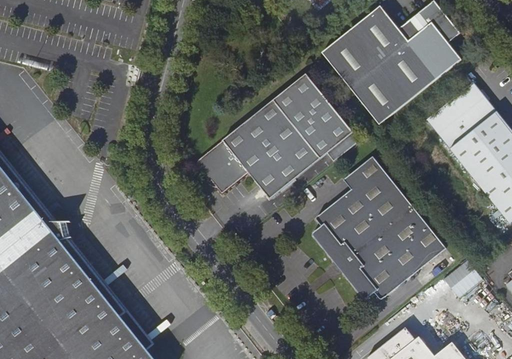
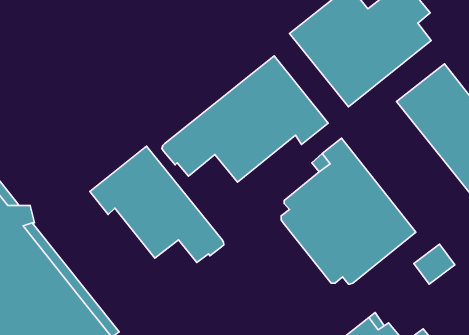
building: none -> [90,146,224,263]

